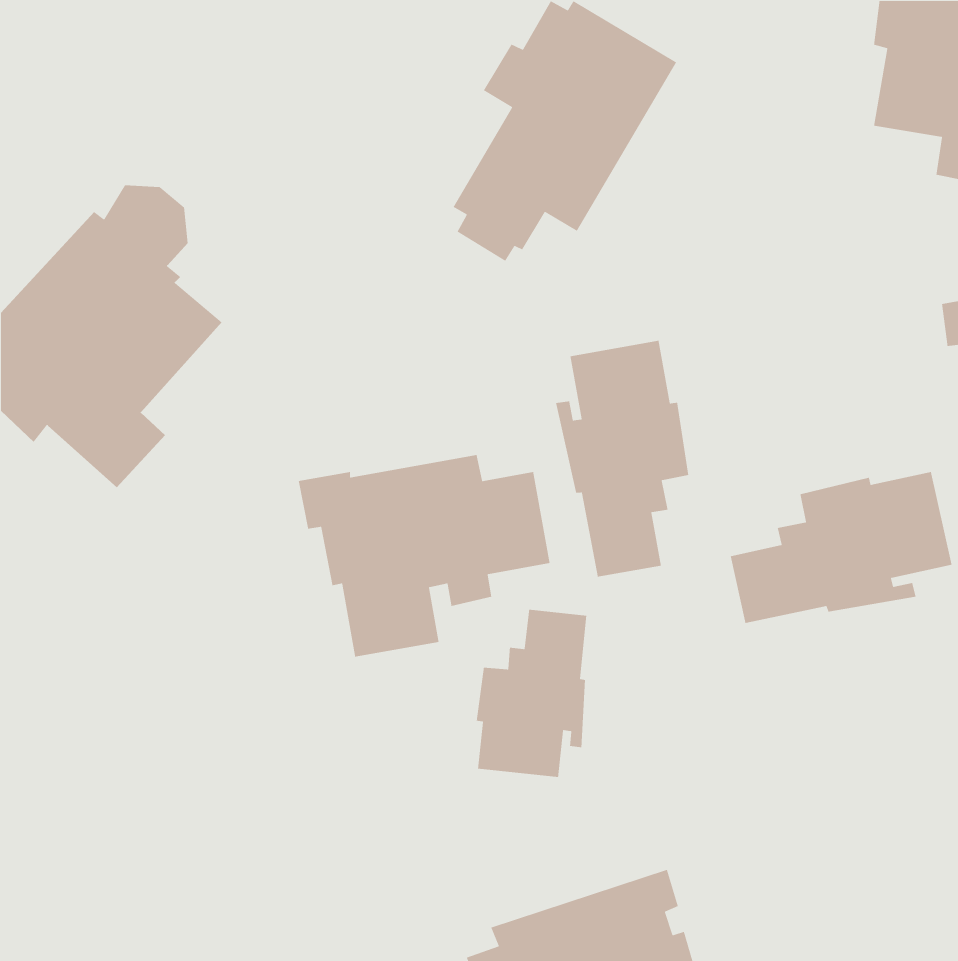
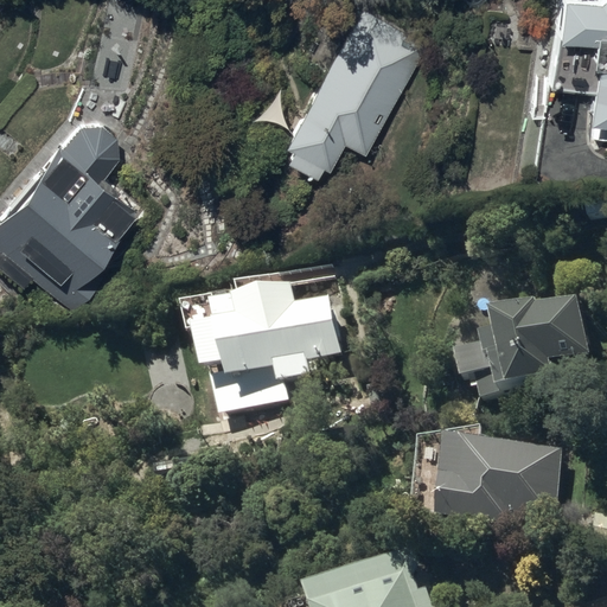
building: [555,340,689,577] -> none
building: [476,609,587,778] -> none
building: none -> [421,424,576,530]

